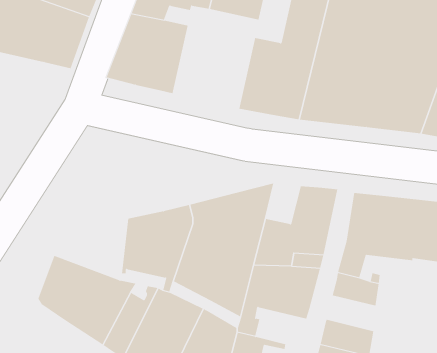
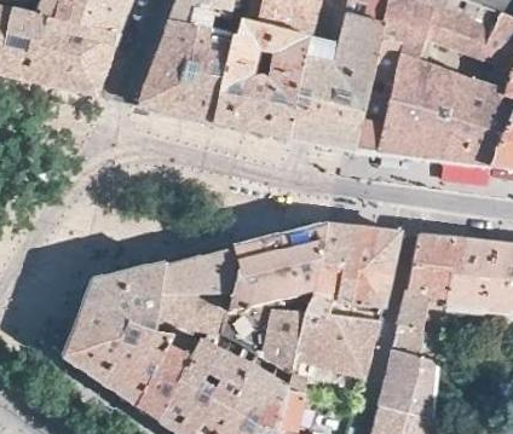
building: none -> [213,25,309,140]
building: none -> [316,222,355,268]
building: none -> [80,262,162,331]
building: none -> [384,348,439,388]

